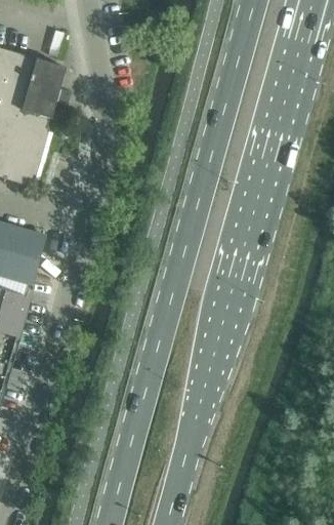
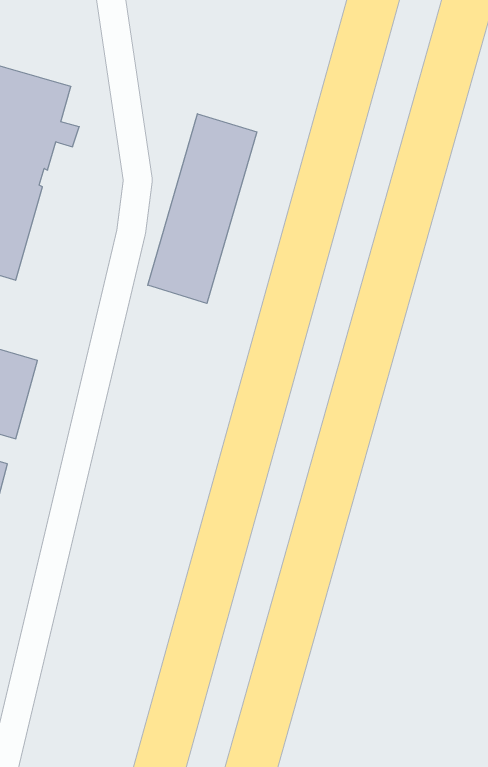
building: none -> [148,114,257,303]

